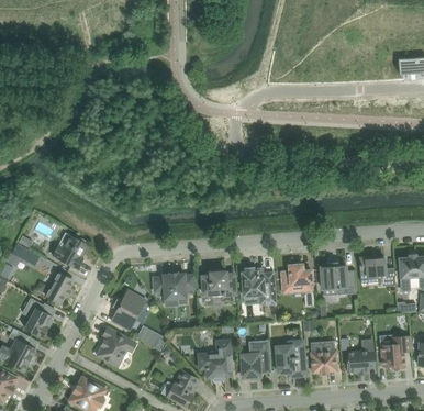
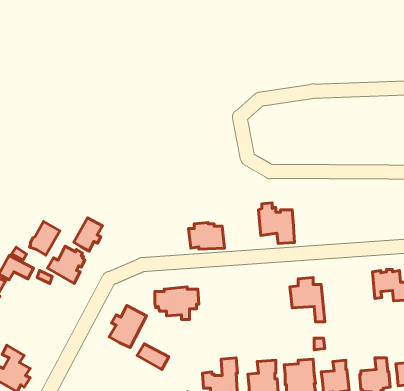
building: none -> [74,218,102,251]
building: [320,265,356,295] -> none
building: [241,266,275,304] -> [258,203,294,244]
building: [201,270,235,296] -> [188,223,225,249]
building: [44,271,72,303] -> [29,221,60,255]
building: [22,299,55,337] -> none
building: [96,327,133,365] -> none

